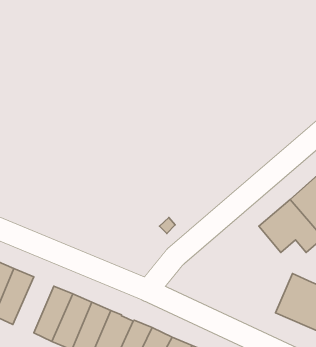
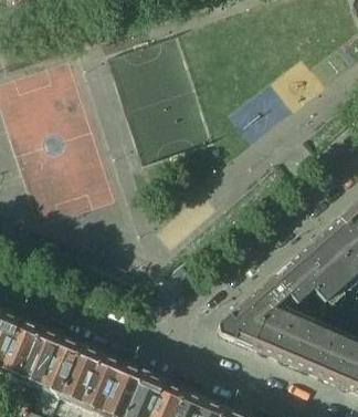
building: none -> [217,273,308,364]
building: none -> [15,326,59,385]

